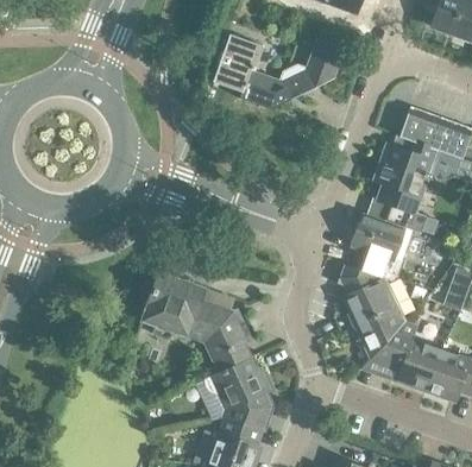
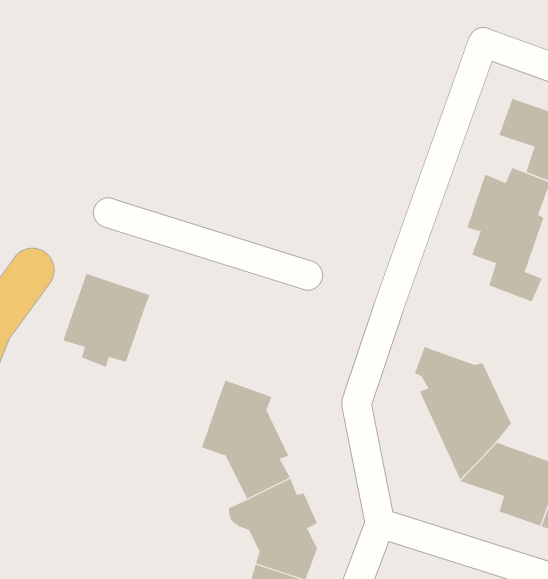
building: [212,34,345,109] -> none
building: [350,212,404,277] -> none
building: [141,272,203,339] -> [62,273,150,368]

